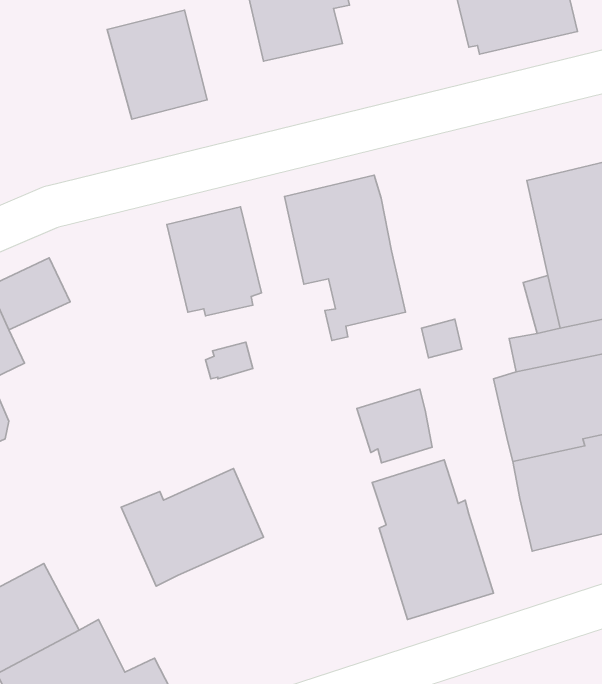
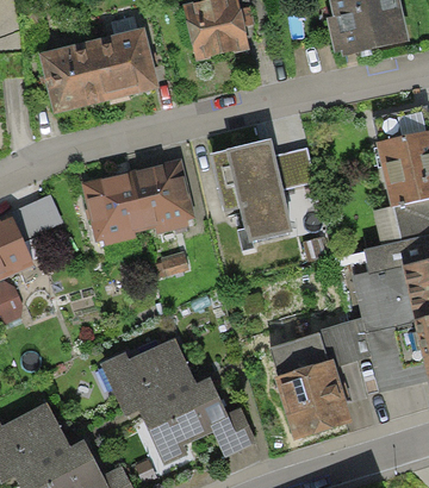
building: none -> [37,39,106,114]
building: none -> [275,148,315,189]
building: none -> [80,171,144,245]
building: [357,389,432,463] -> [318,318,369,368]
building: none -> [137,377,256,465]

